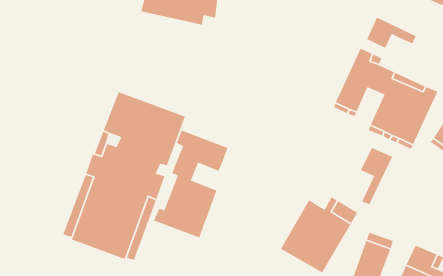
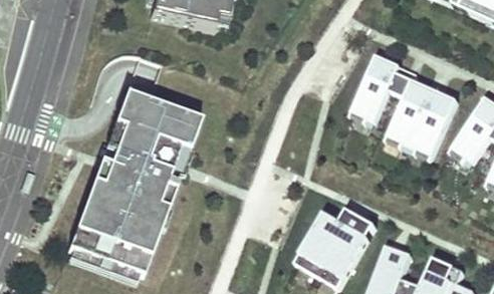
building: [366,17,417,49] -> none
building: [153,129,228,239] -> none
building: [360,147,393,205] -> none

